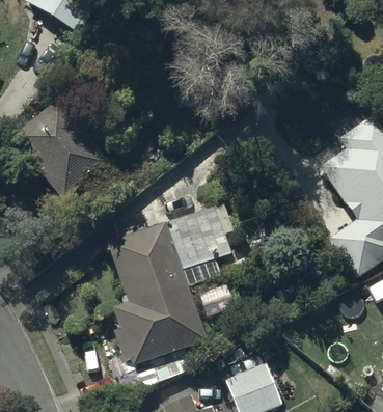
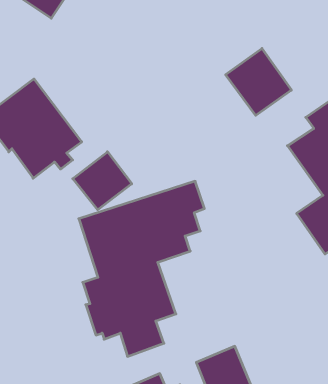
building: none -> [226,48,291,115]
building: none -> [73,152,132,210]

